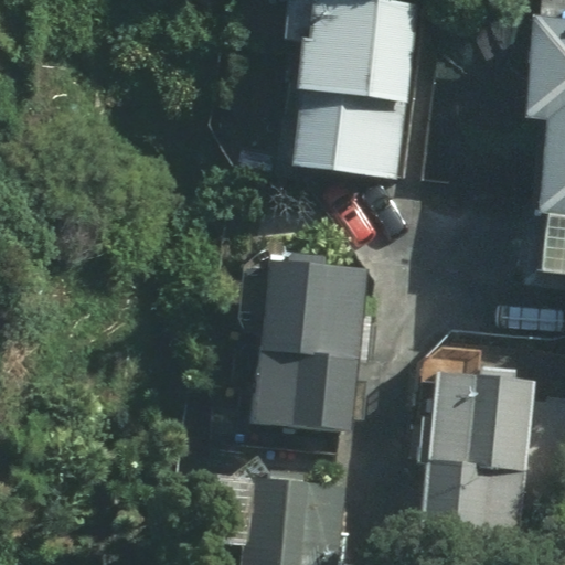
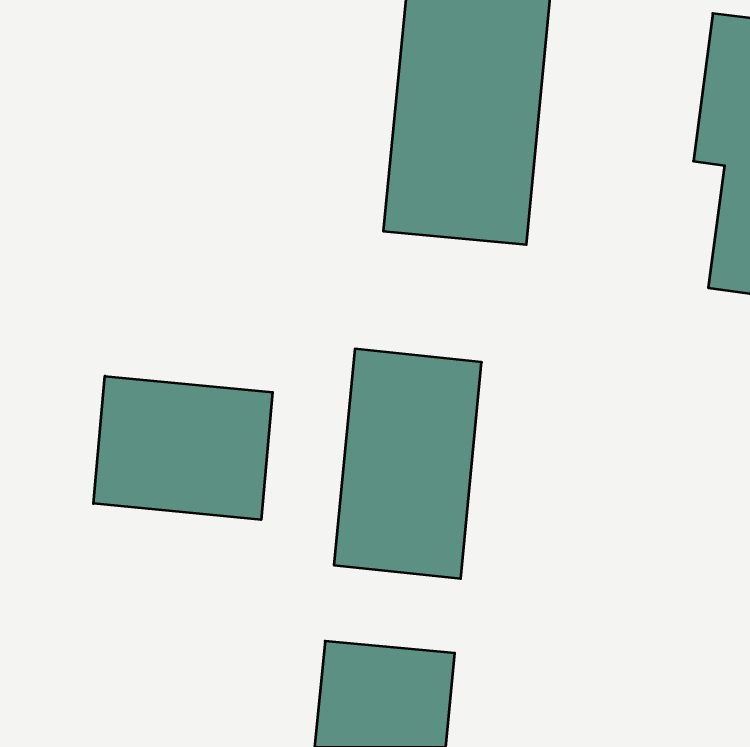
building: none -> [93,376,273,520]
building: [423,366,534,547] -> none

